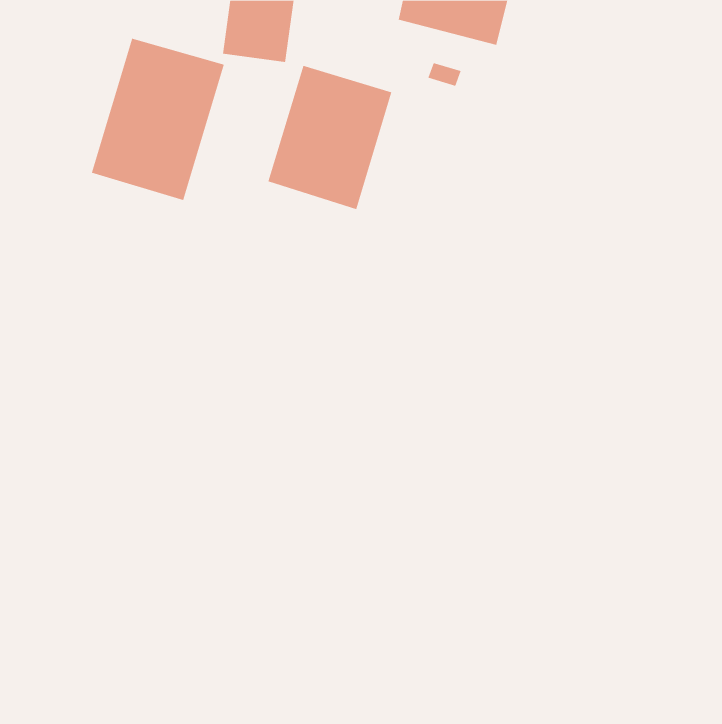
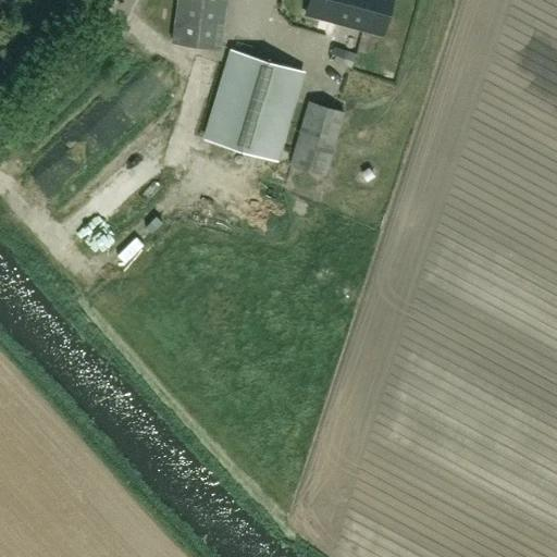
building: [91,38,225,201] -> none
building: none -> [289,101,344,176]

